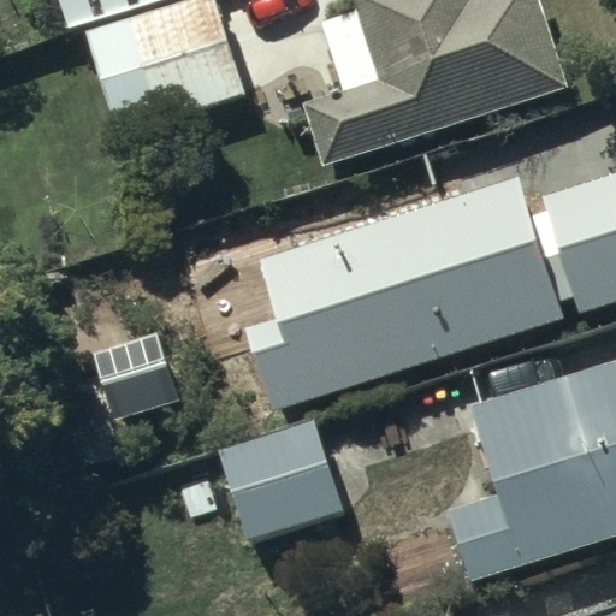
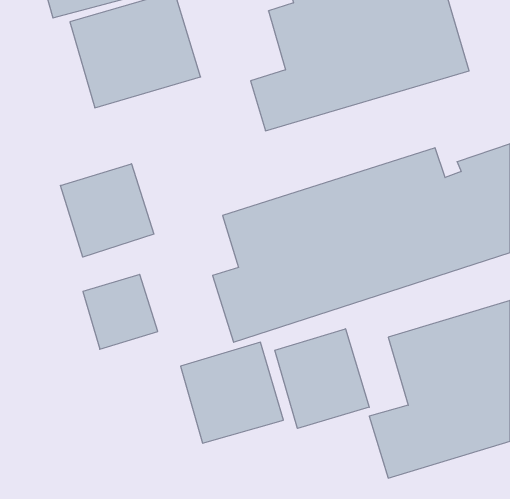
building: none -> [60,164,154,257]
building: none -> [275,329,369,428]

